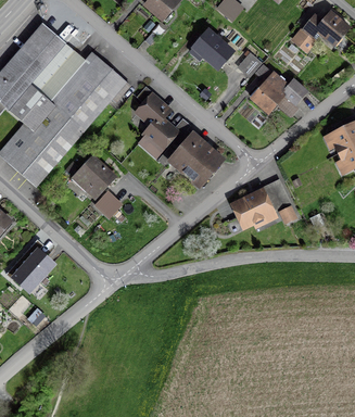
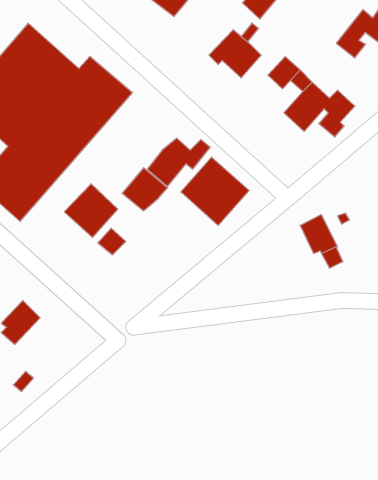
building: [134,93,170,128] -> [122,168,168,211]
building: [231,189,277,230] -> none

